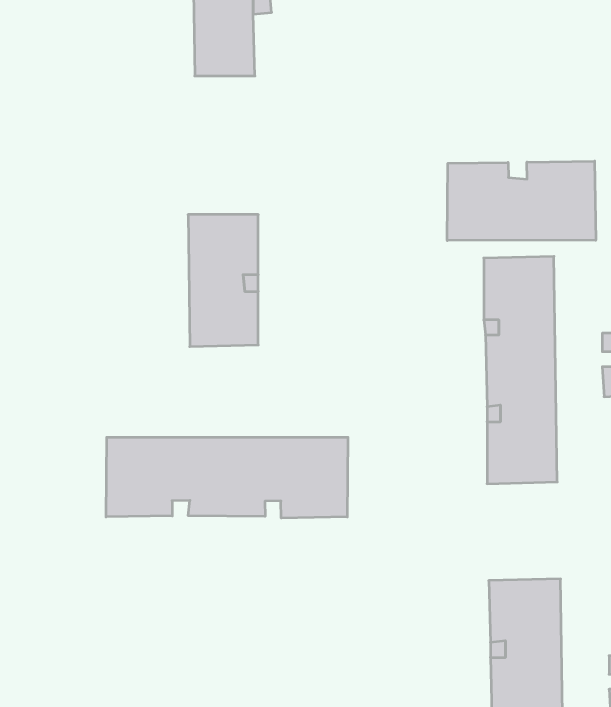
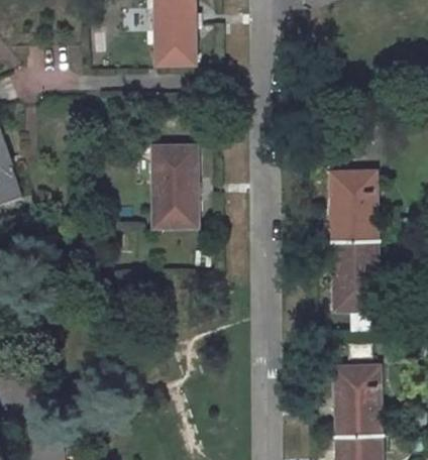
building: [447,161,596,241] -> none
building: [106,437,348,518] -> none

